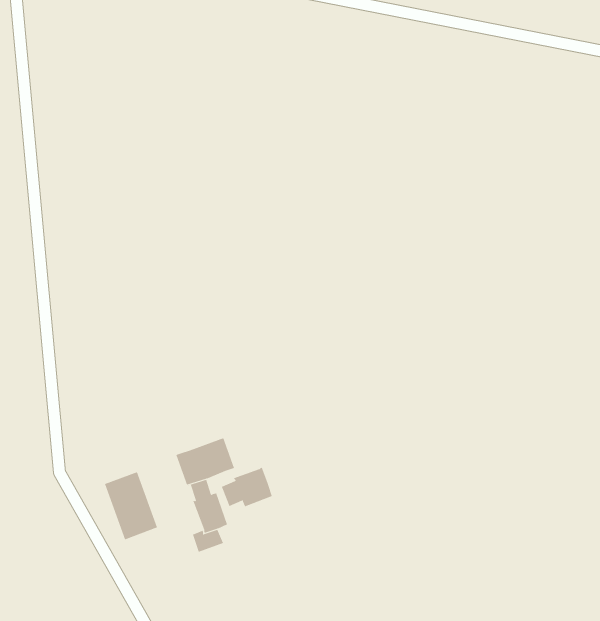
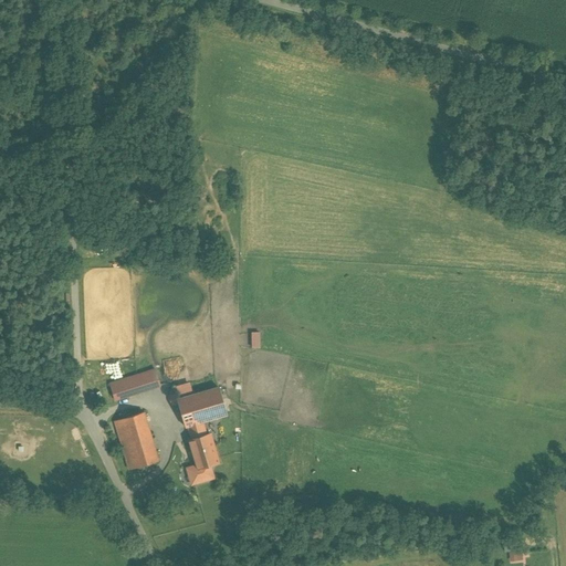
building: none -> [111,369,160,399]
building: [219,466,272,507] -> none

